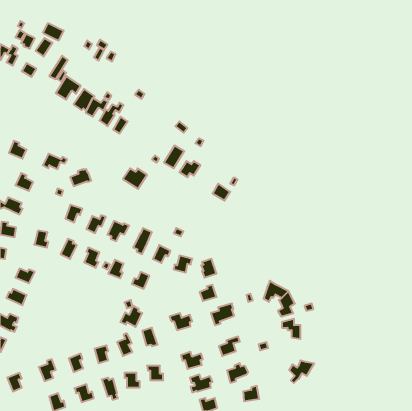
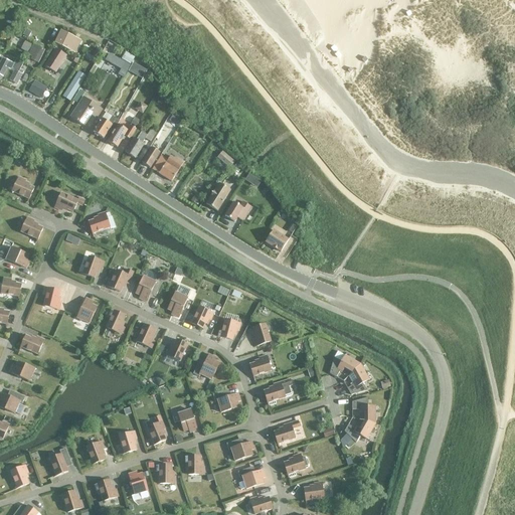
building: [123,168,147,189] -> [151,154,181,179]
building: [120,306,142,327] -> [191,352,218,378]
building: [289,360,314,383] -> [343,417,374,446]

